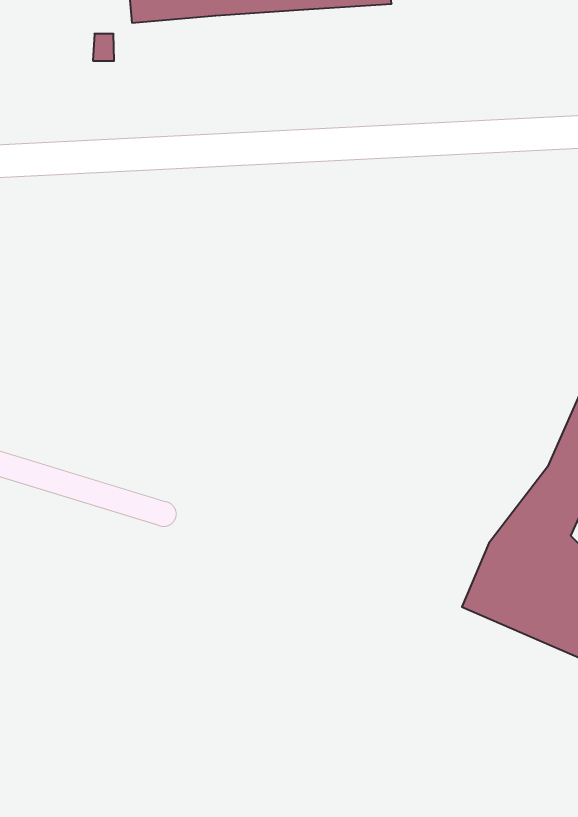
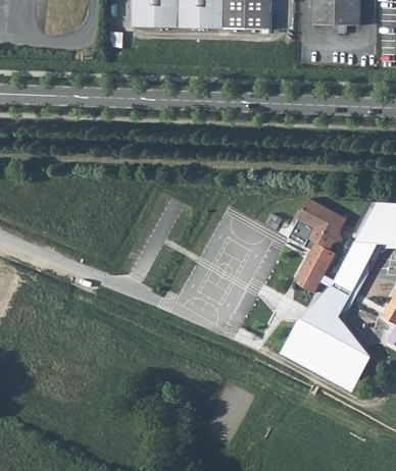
building: none -> [287,199,346,294]

